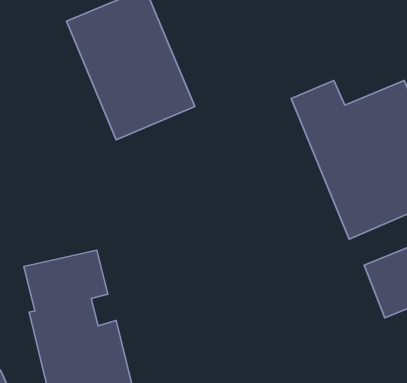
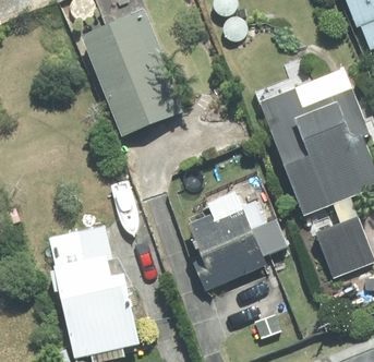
building: none -> [186,194,266,289]

